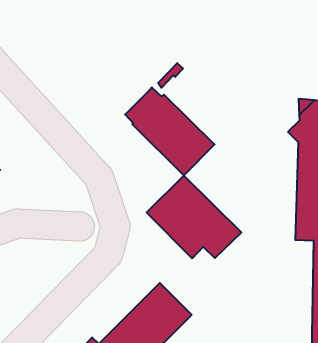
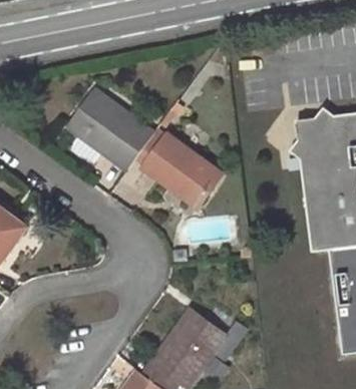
building: none -> [68,89,154,169]
building: [147,175,241,258] -> none

